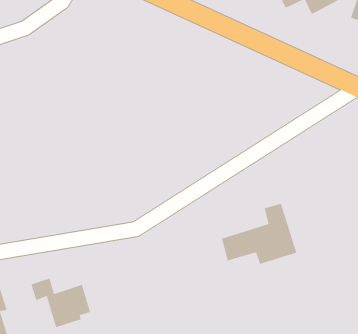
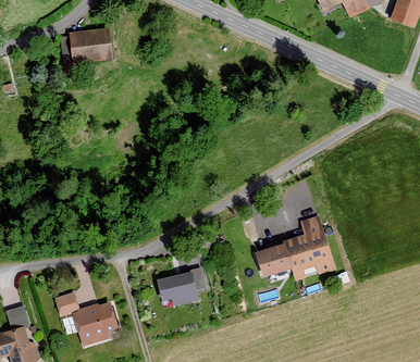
building: none -> [71,32,114,65]
building: none -> [155,267,206,304]

